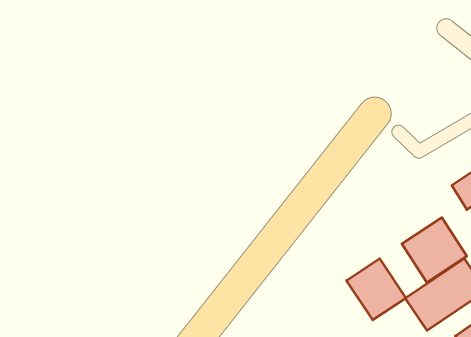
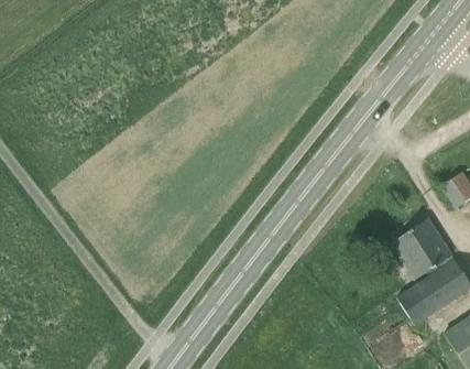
building: [347,259,406,320] -> none

